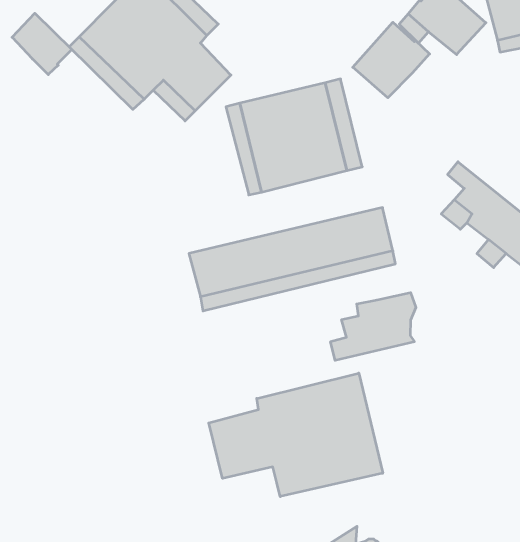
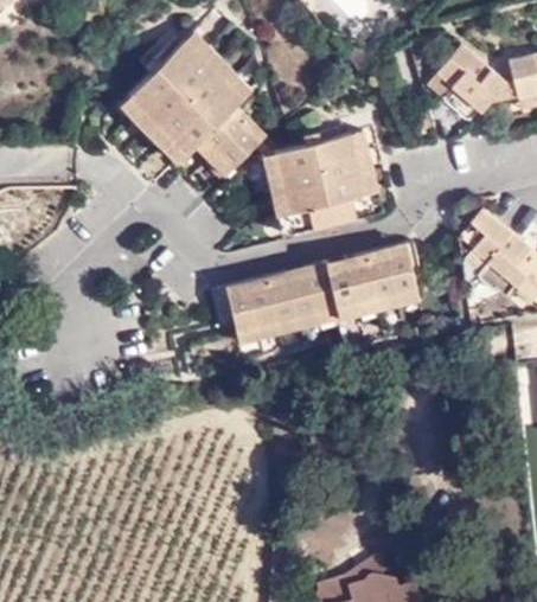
building: [12,13,72,75] -> none
building: [353,22,430,98] -> none
building: [331,293,416,360] -> none
building: [209,373,383,497] -> none

